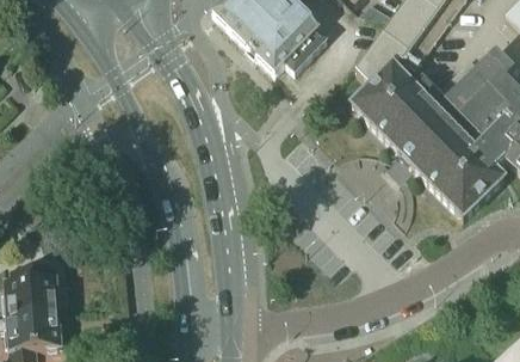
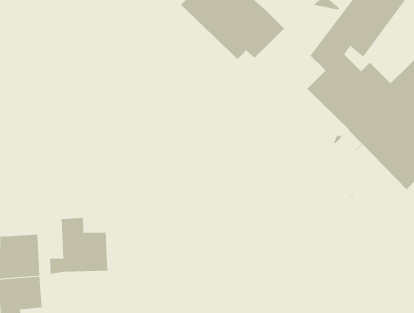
building: none -> [50,217,108,274]

